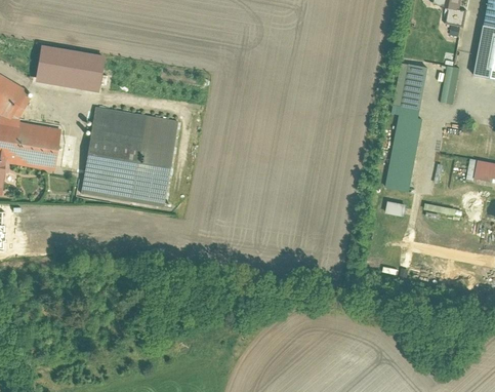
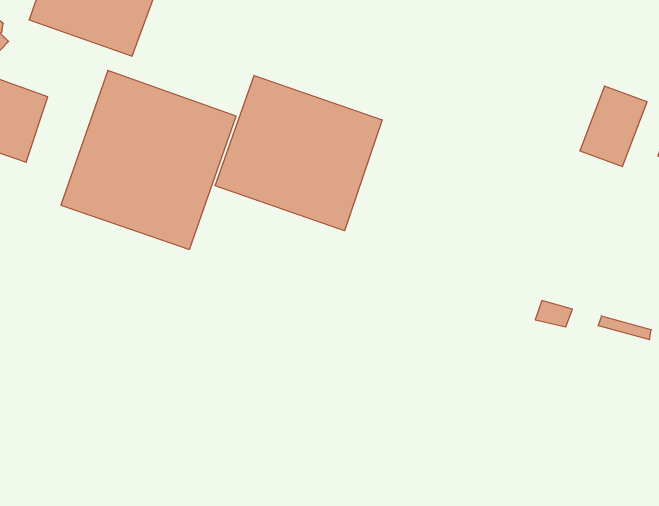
building: none -> [215,75,382,231]
building: [384,115,422,193] -> none

